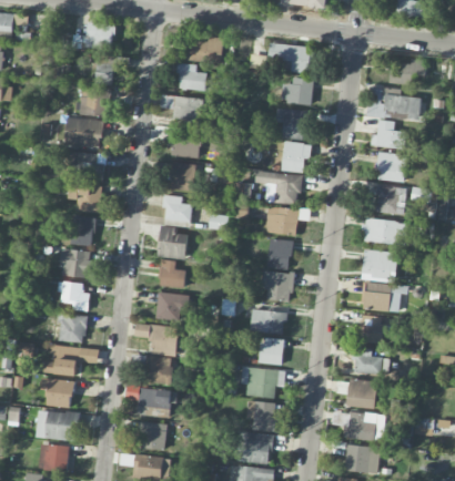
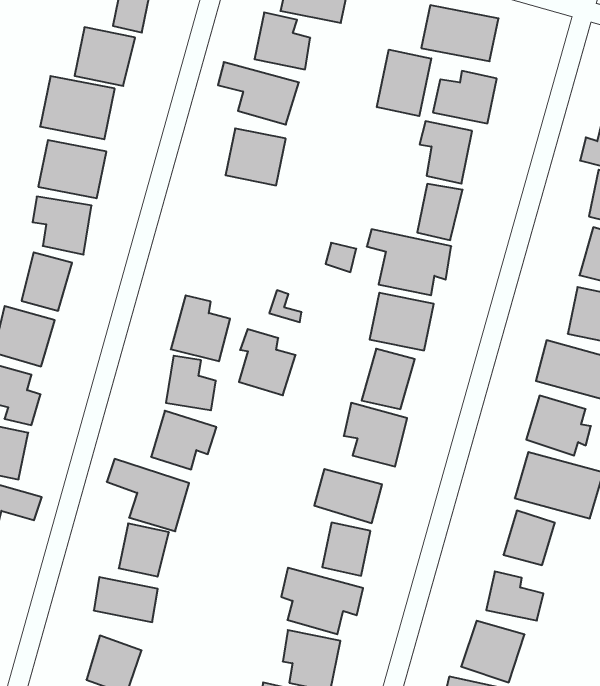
building: none -> [377,50,431,116]
building: [173,163,196,192] -> none
building: [162,195,193,228] -> [239,329,296,395]

